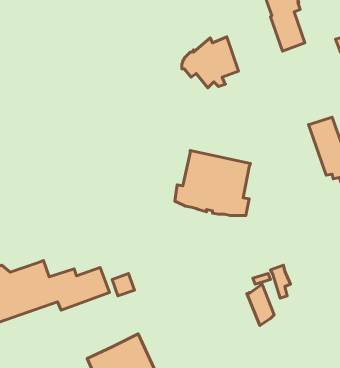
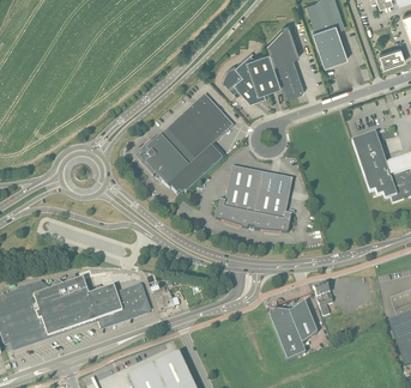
building: none -> [267,24,306,97]
building: none -> [139,93,235,193]
building: none -> [270,308,307,359]

